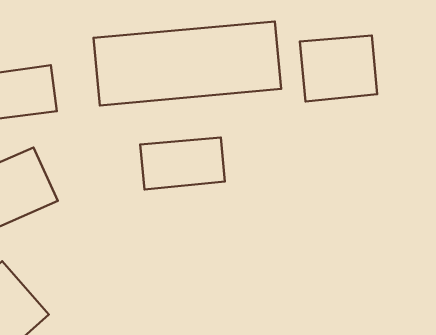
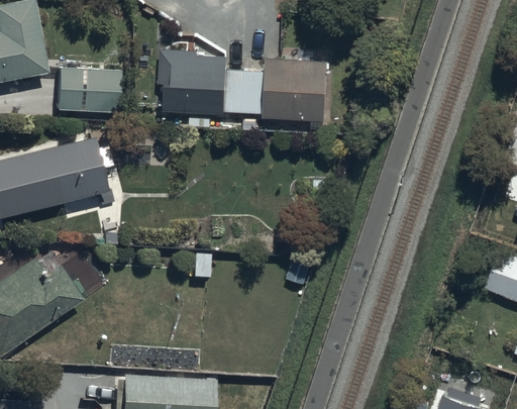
building: [300,36,377,102] -> none
building: [140,138,225,190] -> none

